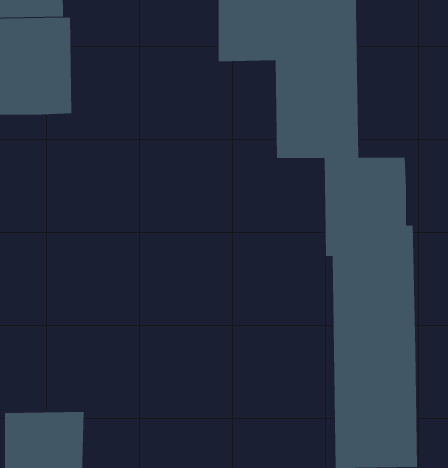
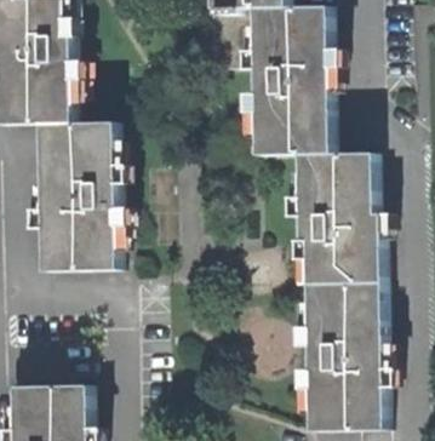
building: none -> [39,118,116,268]

